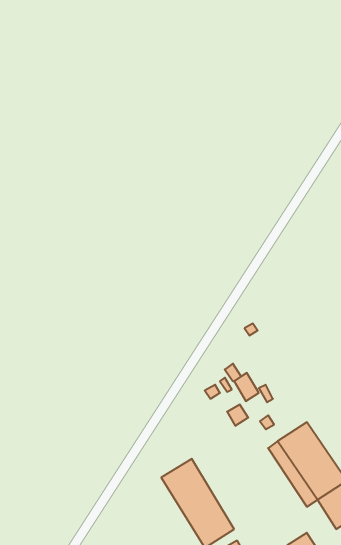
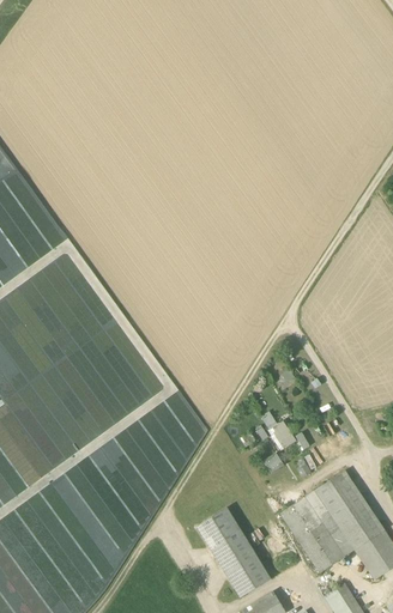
building: none -> [279,497,344,573]

